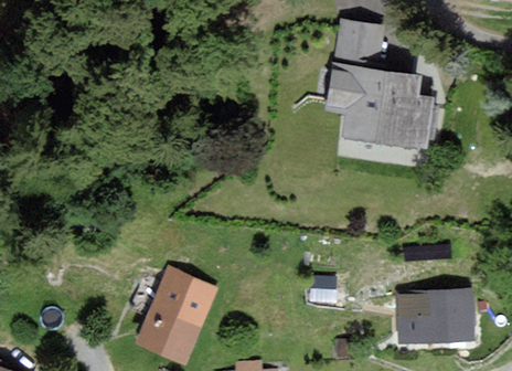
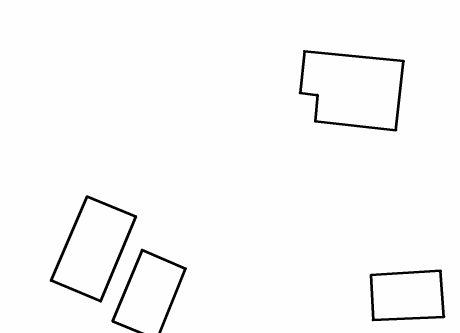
building: [342,25,386,67] -> none
building: none -> [51,197,136,301]

